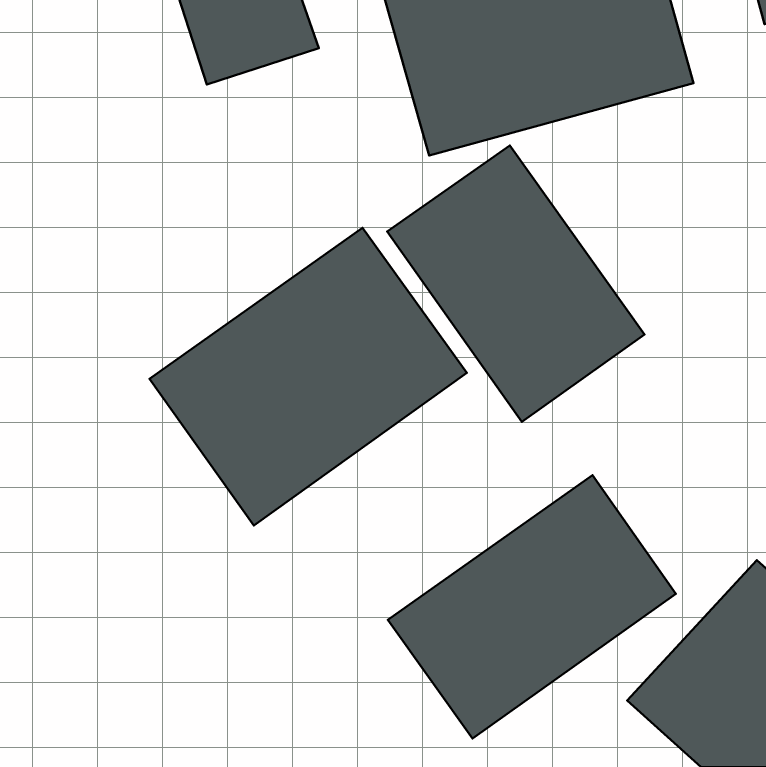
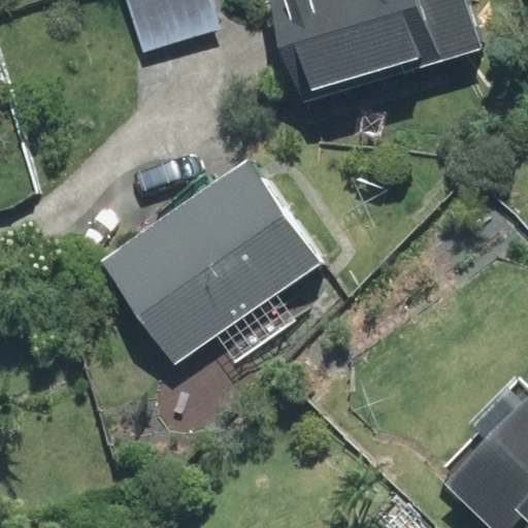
building: [387,146,644,422] -> none
building: [388,475,676,739] -> none

